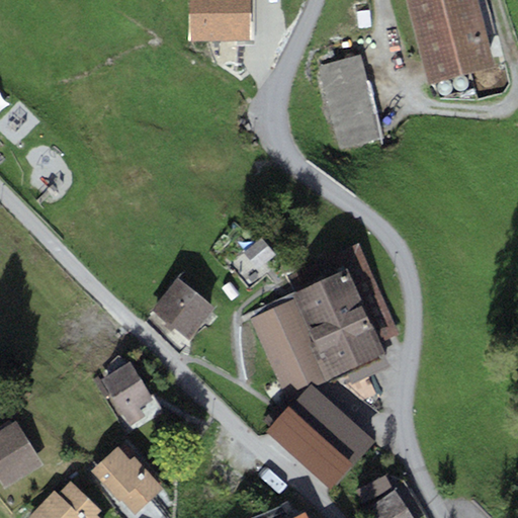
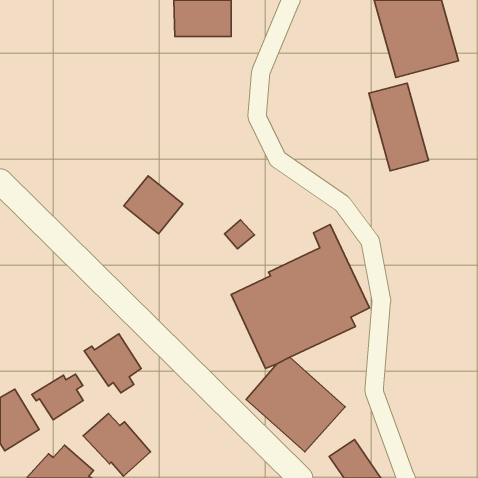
building: [317,55,381,150] -> [369,83,429,171]
building: [151,277,214,340] -> [124,176,183,234]
building: none -> [32,374,83,420]

